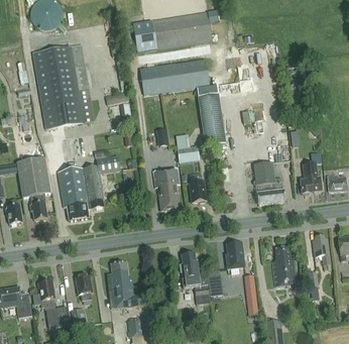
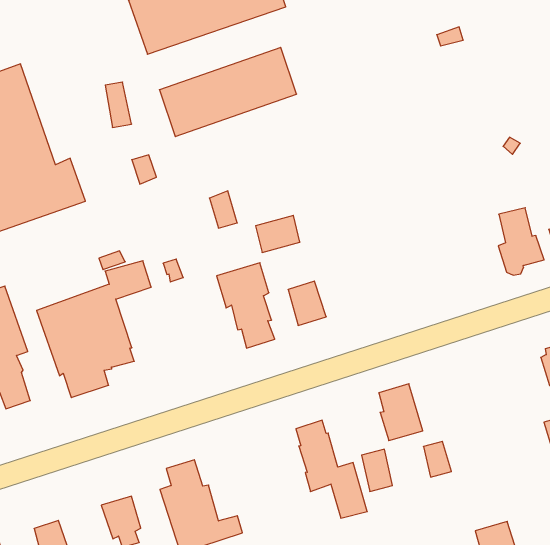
building: [198,92,226,145] -> none
building: [253,160,285,204] -> none
building: [271,245,295,285] -> none

